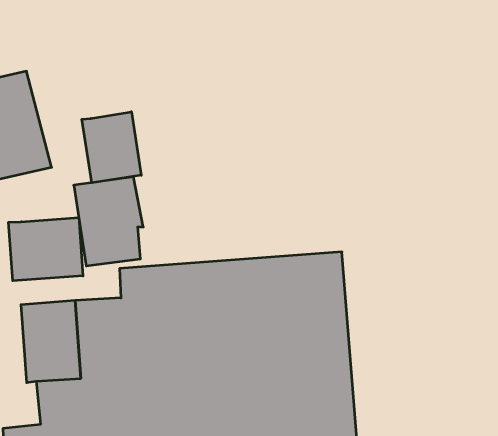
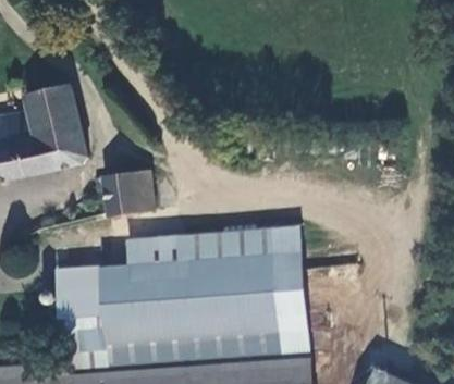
building: [82,112,141,183] -> none
building: [9,217,83,281] -> none

